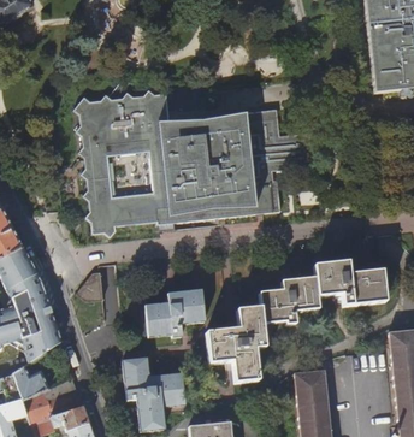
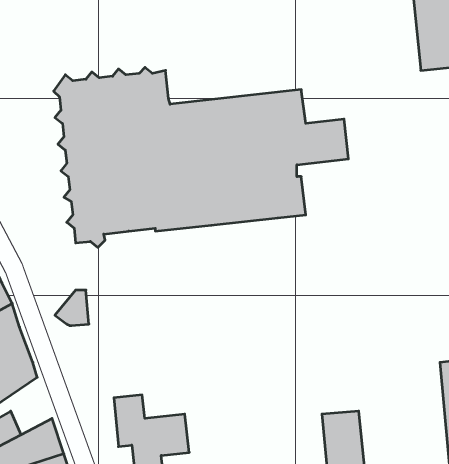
building: [206,261,385,383] -> none
building: [144,290,205,337] -> none

